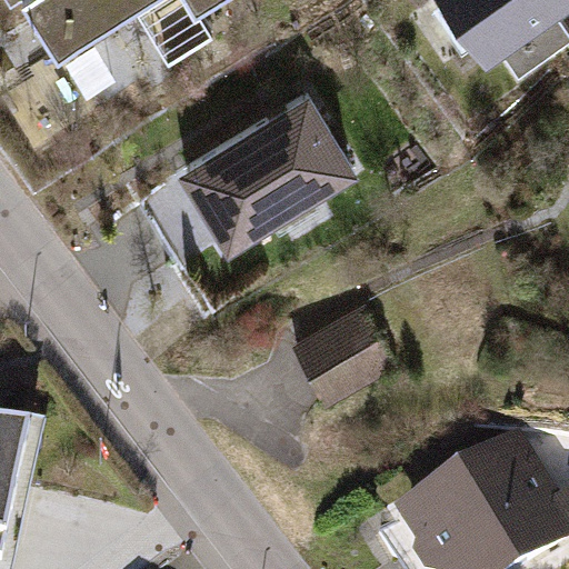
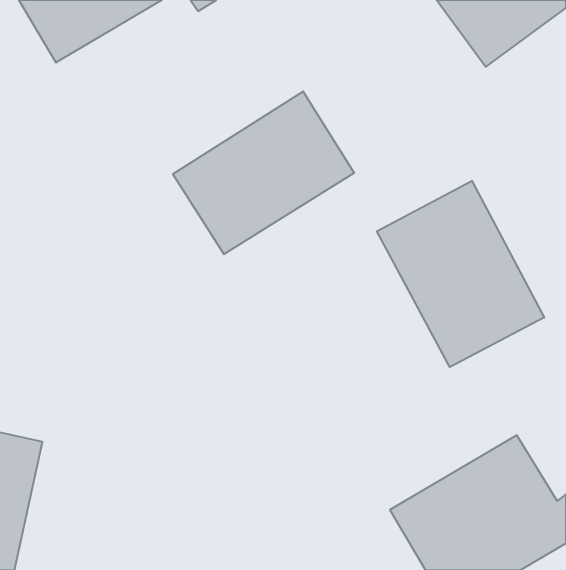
building: none -> [377,181,544,367]
building: [295,307,395,399] -> none

